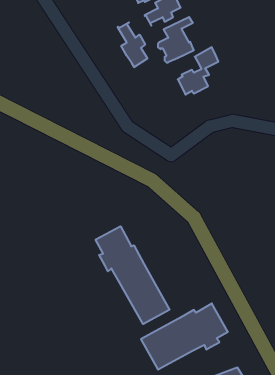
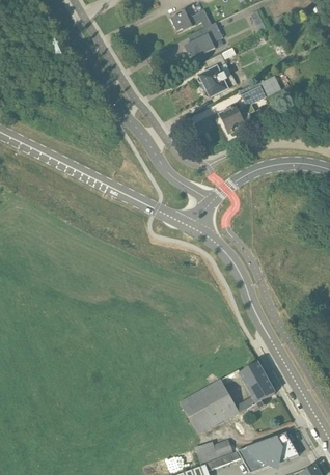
building: [118,22,147,67] -> none
building: [96,226,170,324] -> none

